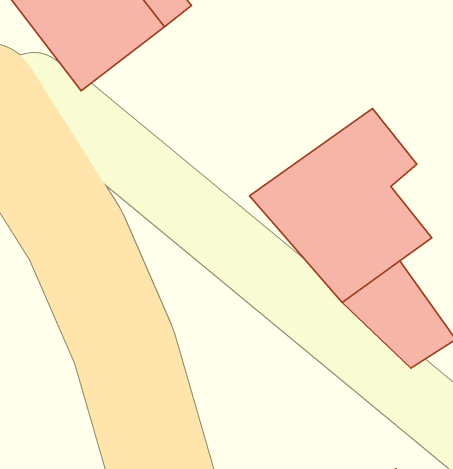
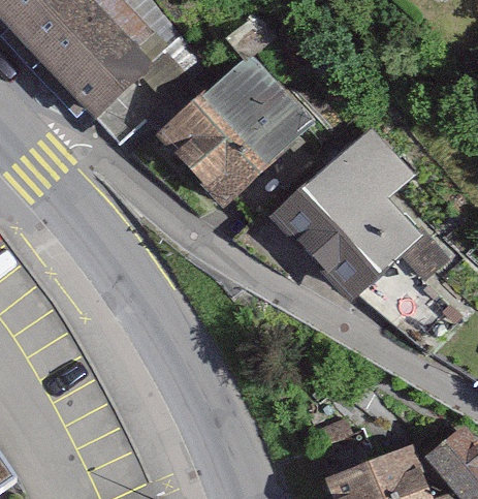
building: none -> [163,55,318,209]

